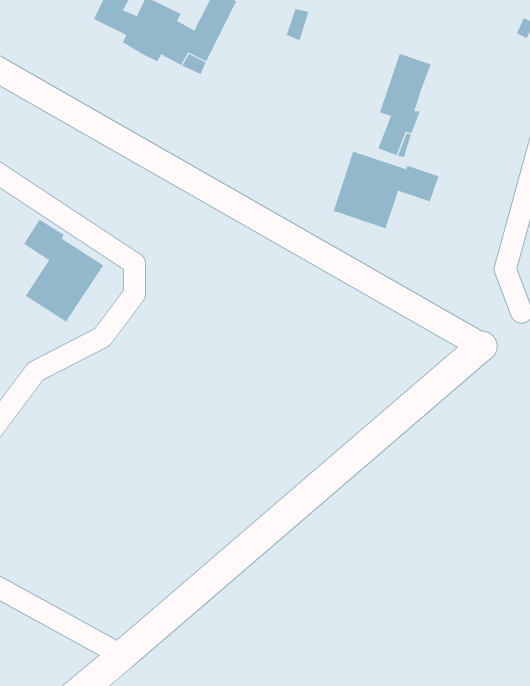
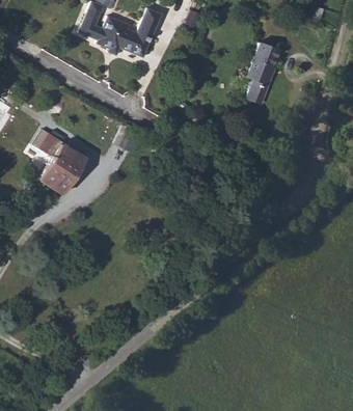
building: [333,151,439,229] -> none

